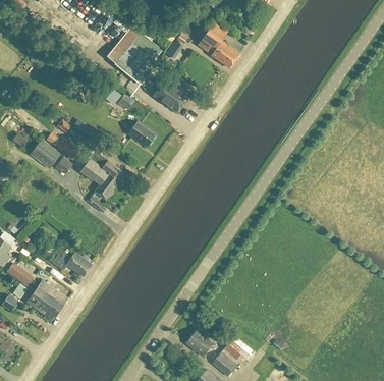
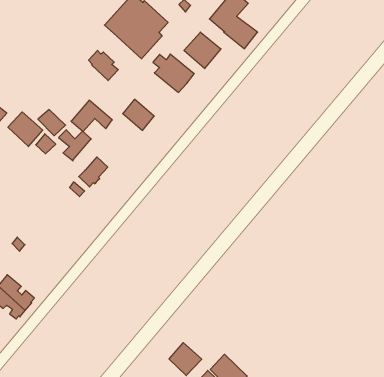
building: none -> [184,32,221,69]
building: [89,158,124,185] -> [71,100,112,131]
building: [52,251,92,277] -> none

